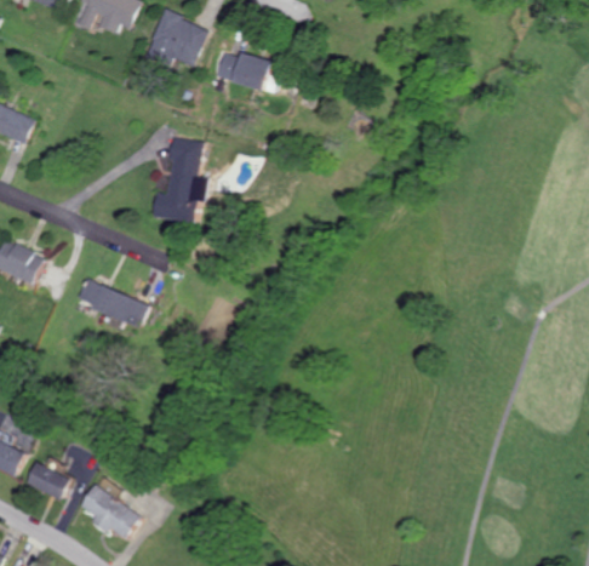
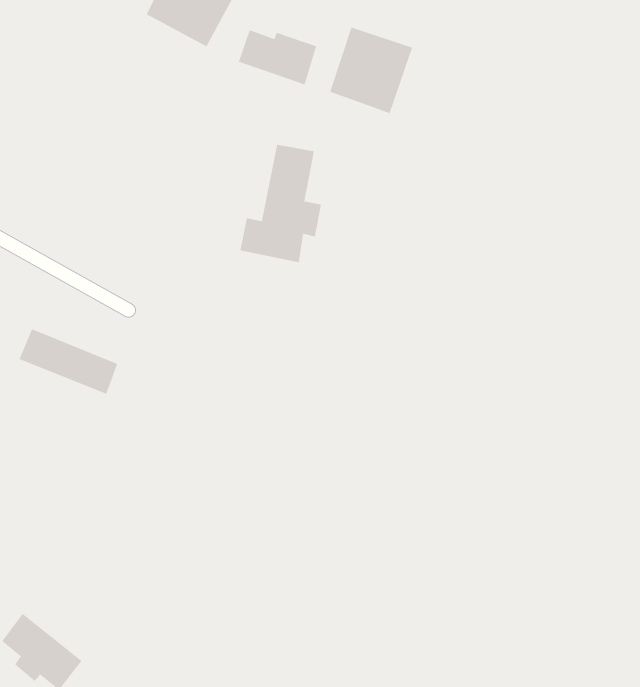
building: none -> [329,26,413,114]
building: [151,138,207,222] -> [240,144,322,263]

